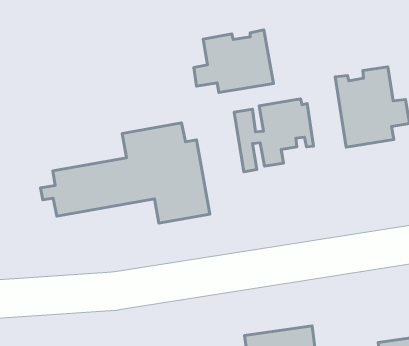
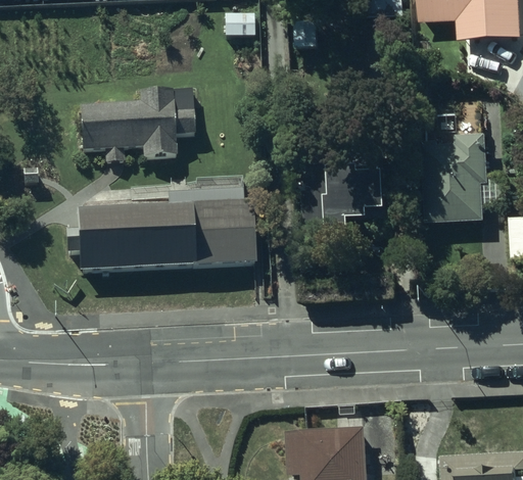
building: [194,30,273,93] -> none
building: none -> [76,96,189,165]

